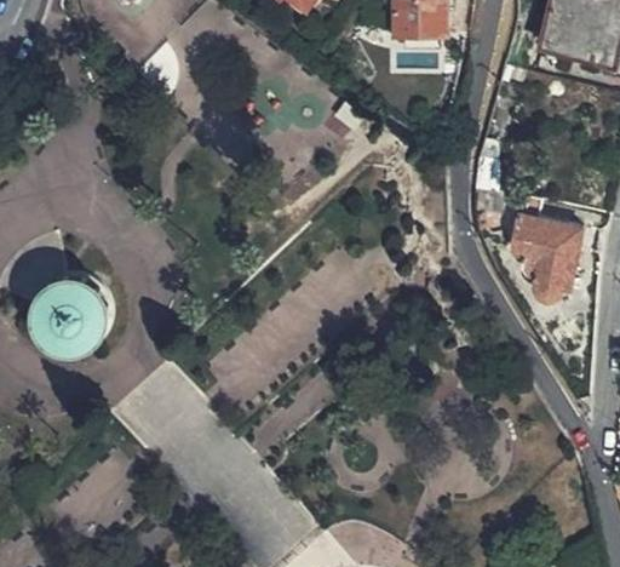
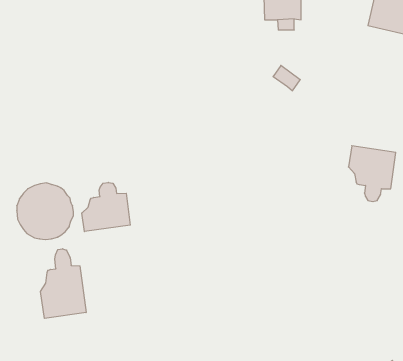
building: none -> [82,182,130,232]
building: none -> [40,249,86,318]

